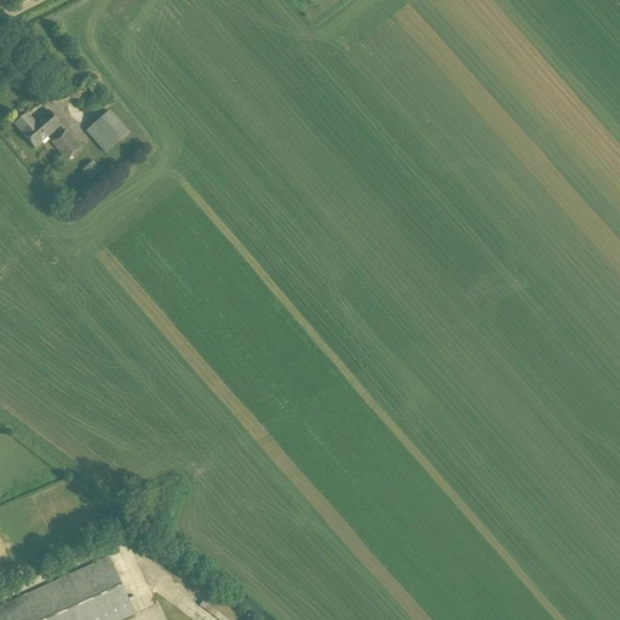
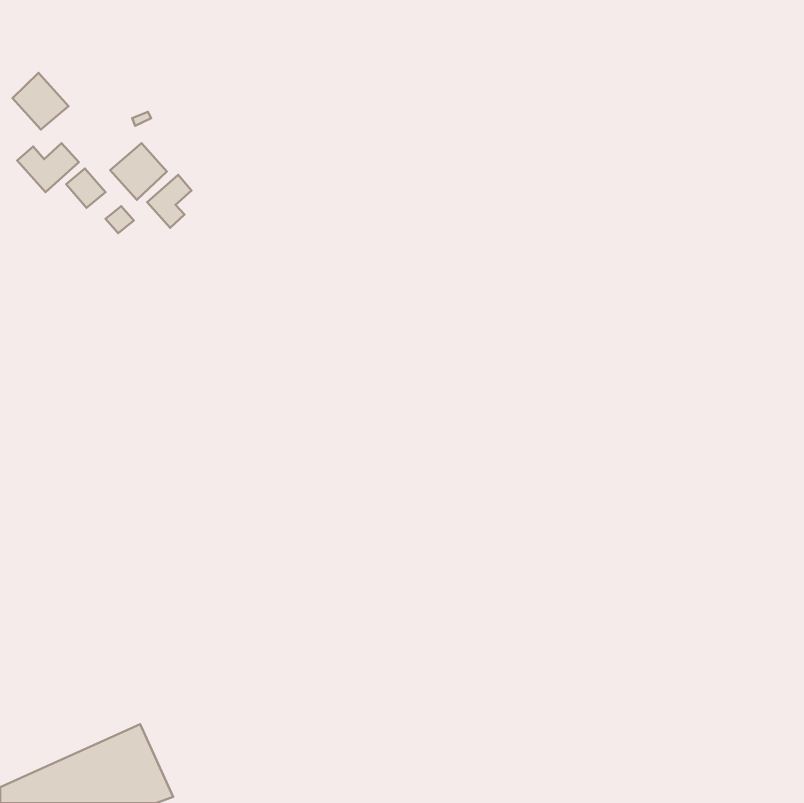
building: none -> [12,73,69,130]
building: none -> [147,175,192,228]

